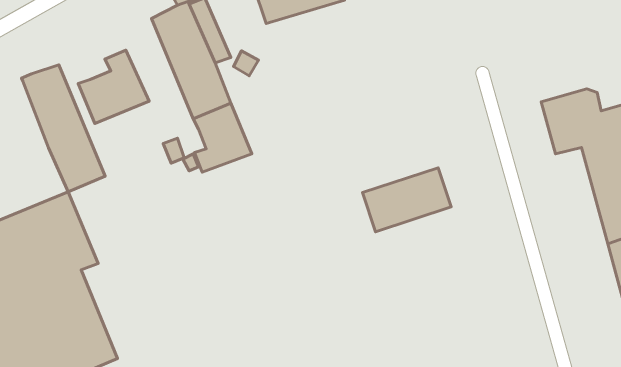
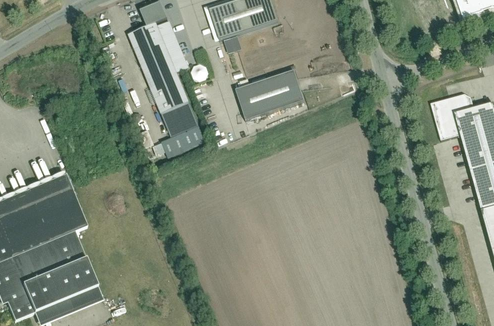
building: [78,50,149,124] -> none
building: [22,65,105,192] -> none
building: [362,168,451,232] -> [235,71,303,120]

